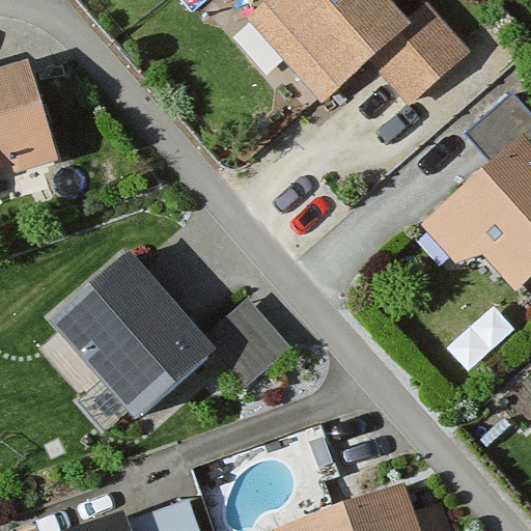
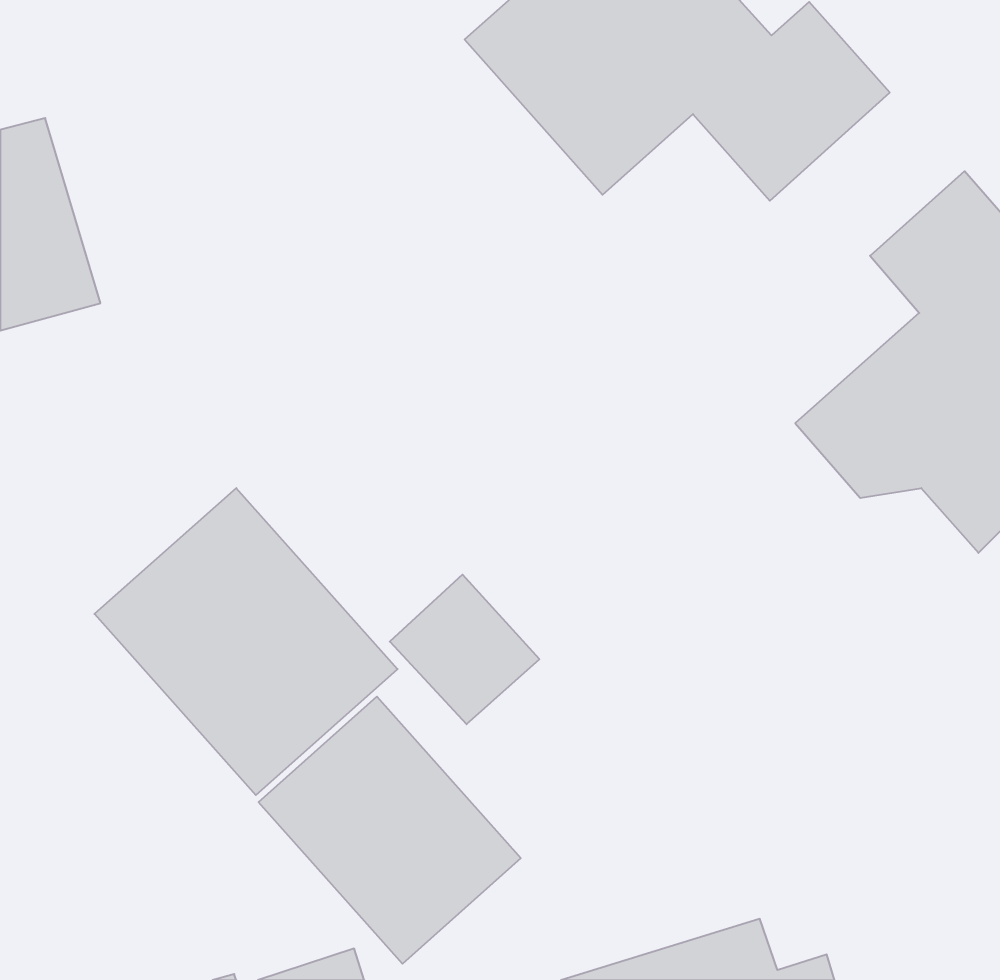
building: none -> [259,697,521,964]

